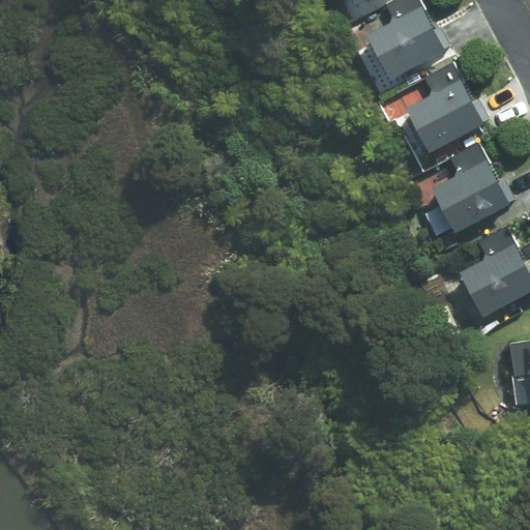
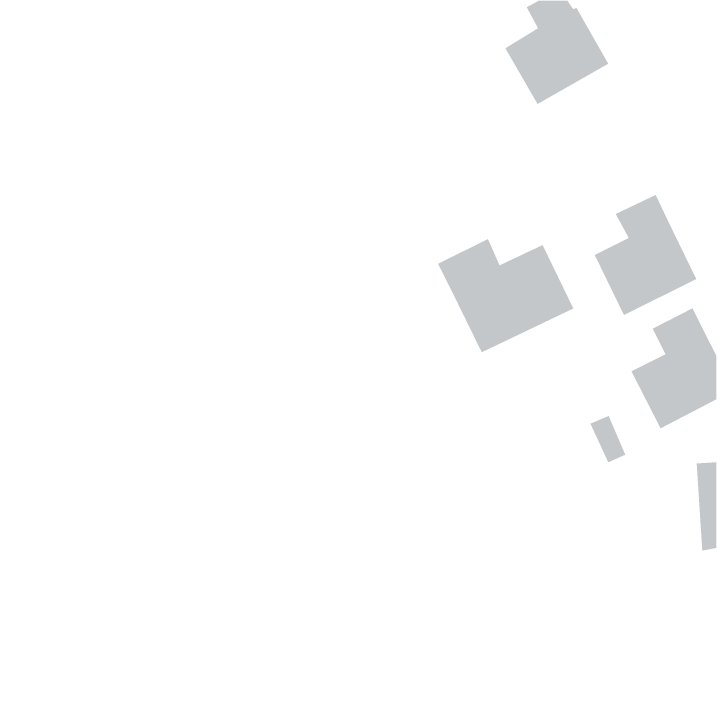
building: [407,65,485,153] -> none
building: none -> [437,238,574,353]

